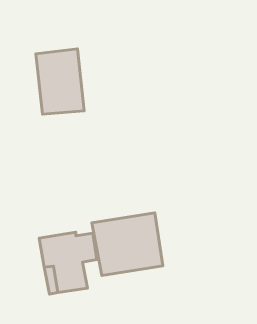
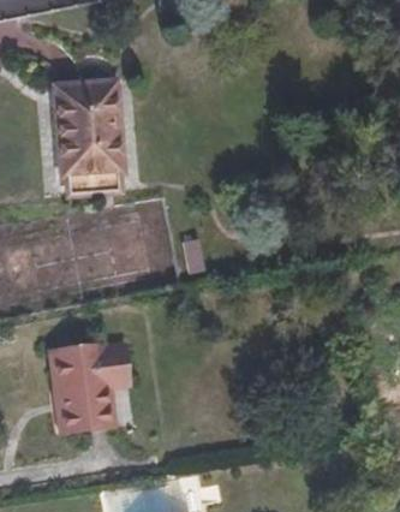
building: [92,213,163,276] -> none

